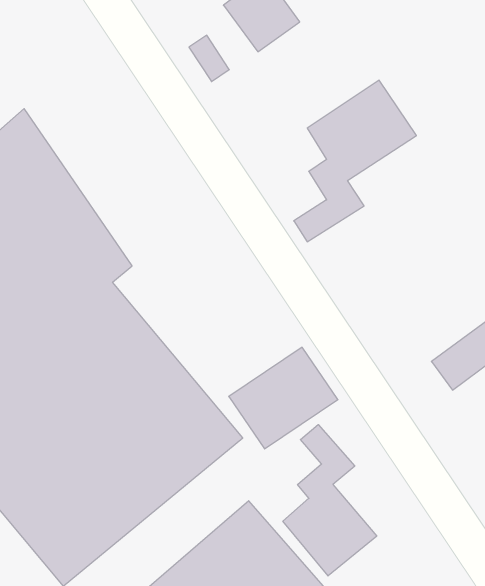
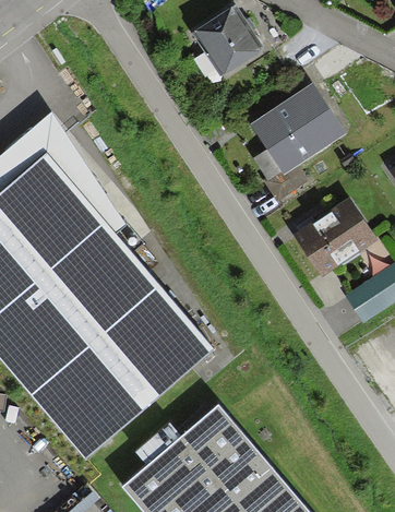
building: [229,347,338,449] -> [294,203,373,277]
building: [283,425,377,576] -> none

